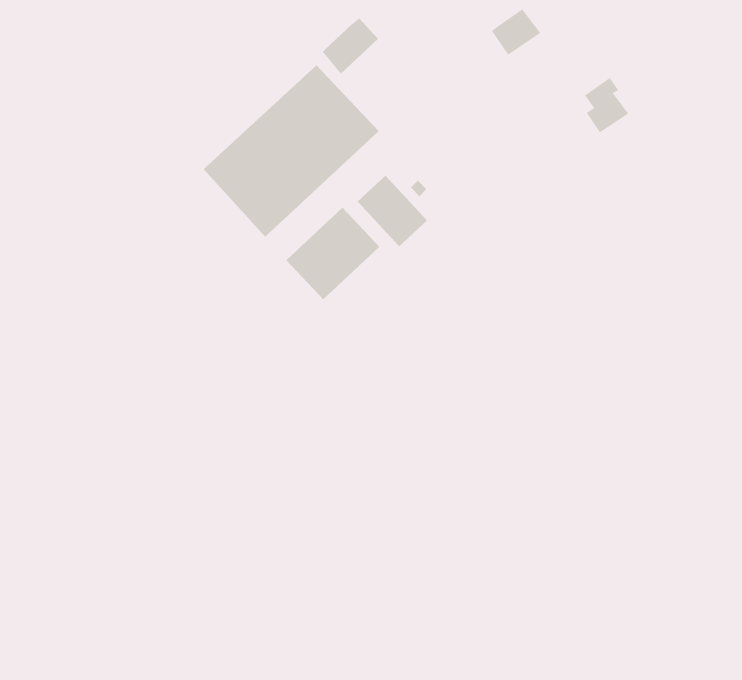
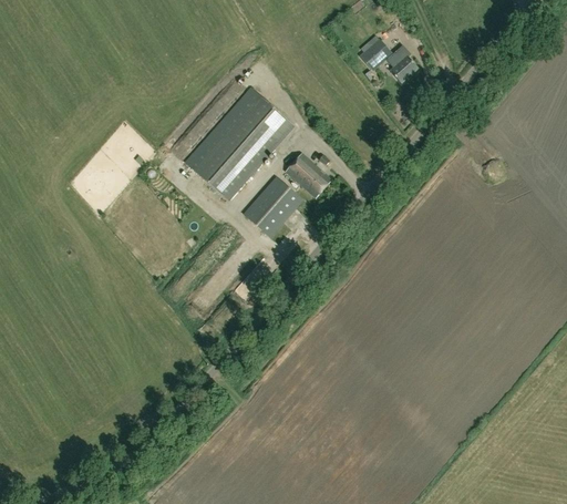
building: [322,18,379,75] -> none
building: [584,77,629,133] -> [386,45,416,82]

